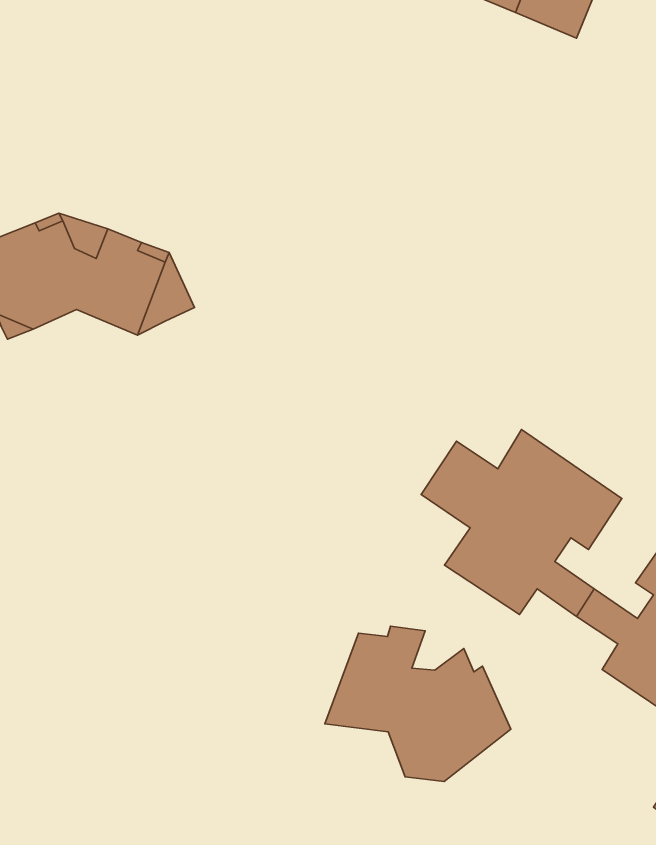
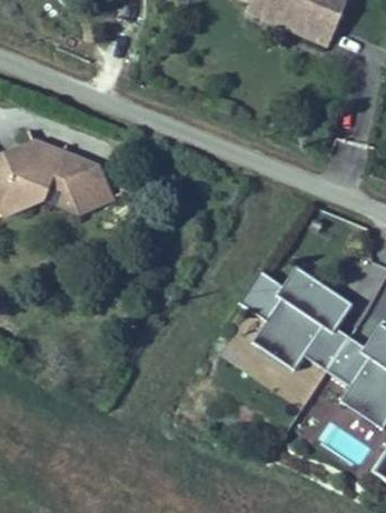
building: [325,626,511,782] -> none

